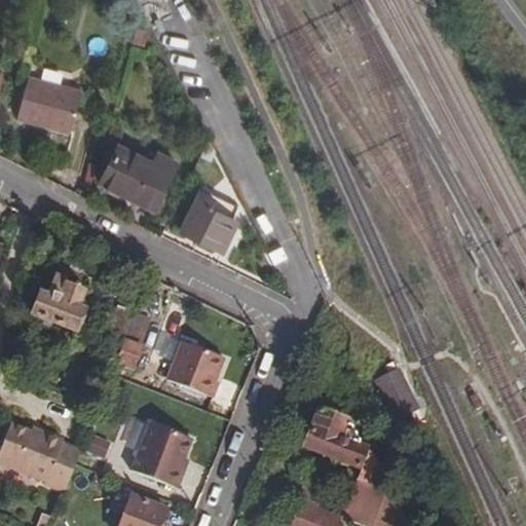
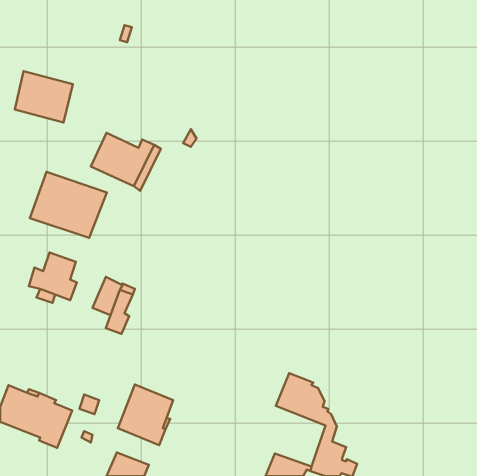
building: none -> [30,172,107,238]
building: [181,189,238,249] -> none
building: [167,342,225,399] -> none
building: [374,364,420,419] -> none

